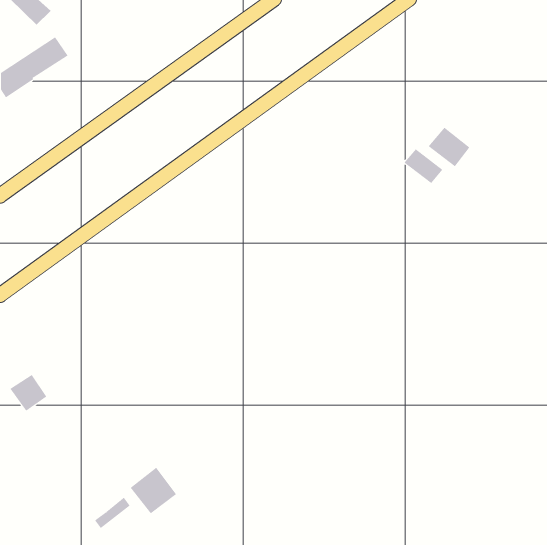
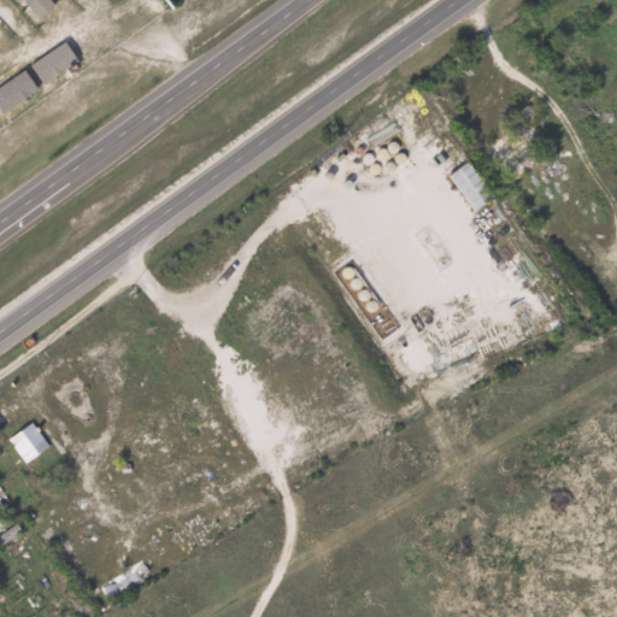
building: [428,127,470,167] -> none
building: [130,467,177,514] -> none

